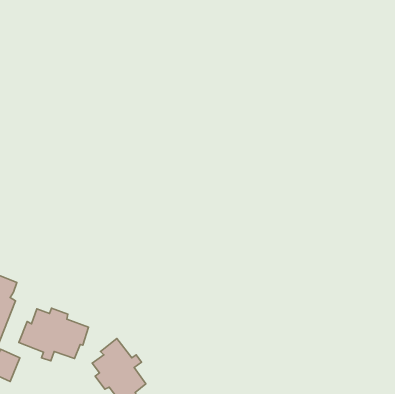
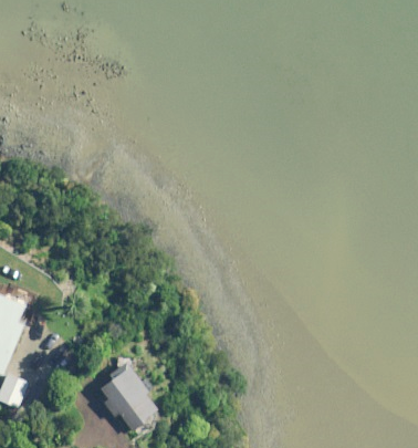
building: [19,308,89,361] -> none

